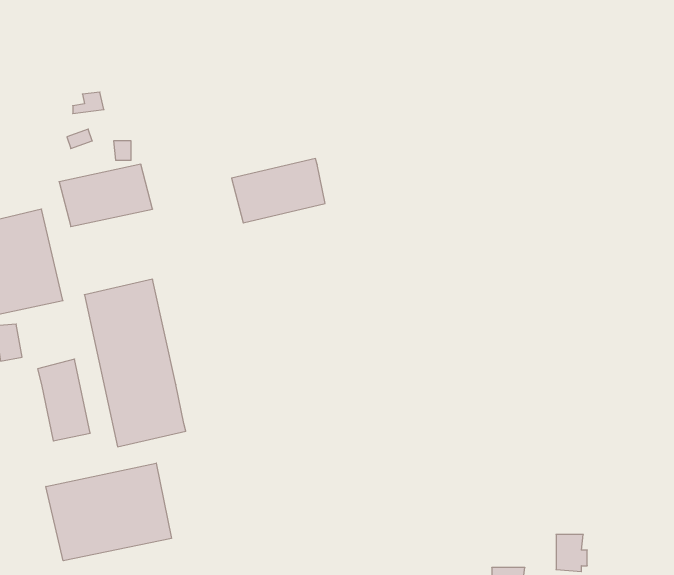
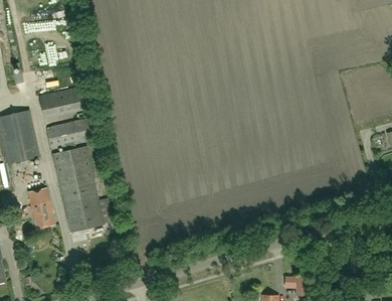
building: [232,159,325,223] -> [45,117,93,150]
building: [46,463,171,561] -> none

